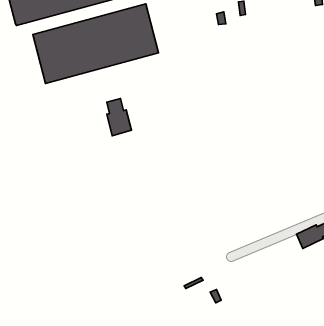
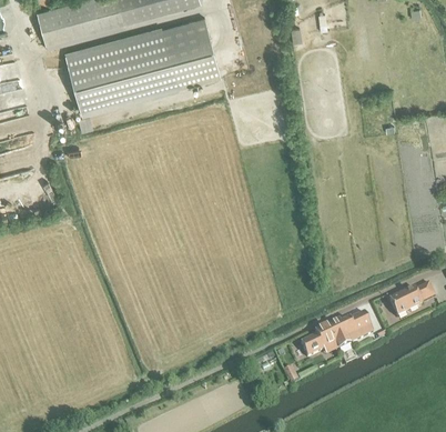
building: [107,98,132,136] -> none
building: none -> [301,311,373,355]

